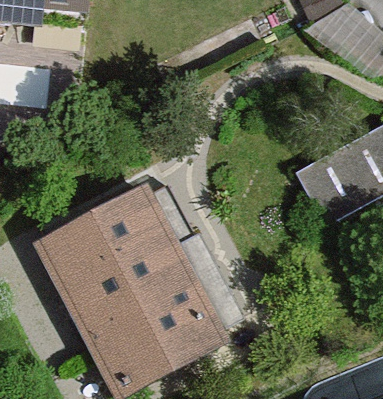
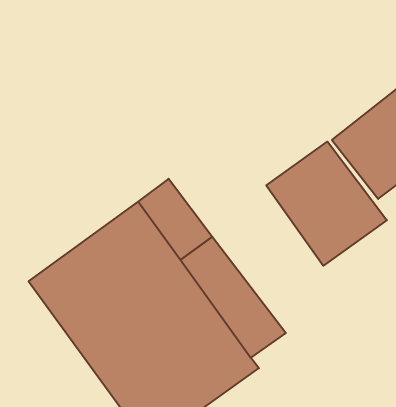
building: none -> [266,142,387,266]

